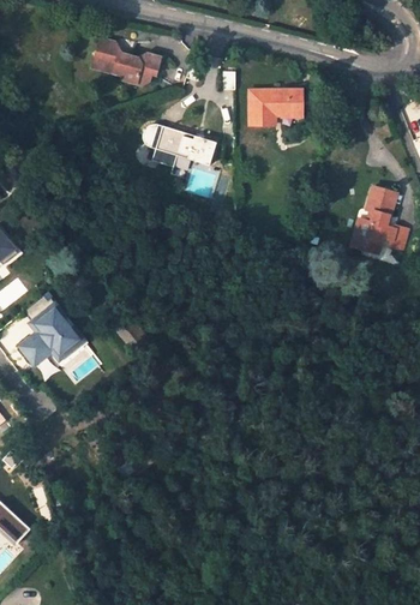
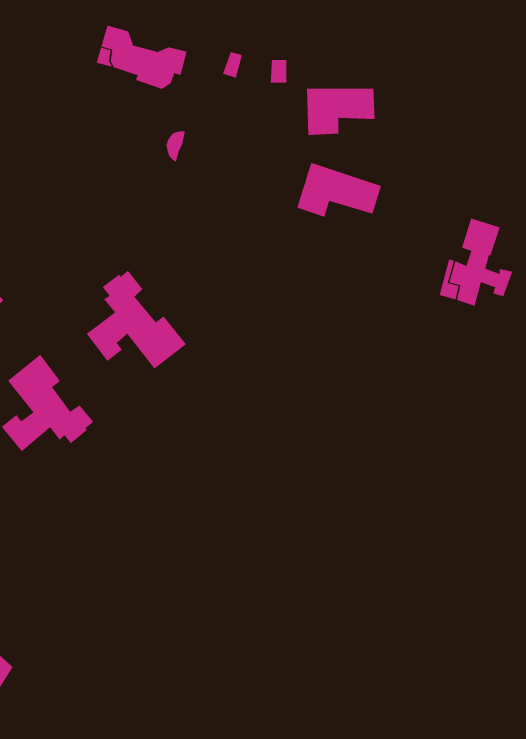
building: [154,122,218,164] -> [297,162,382,217]
building: none -> [86,270,187,369]

